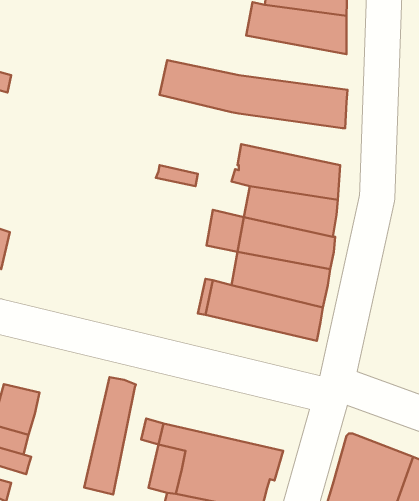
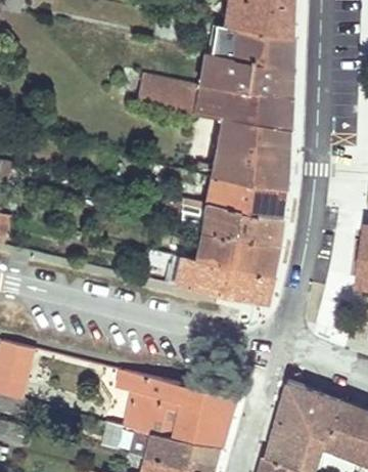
building: none -> [195,51,292,97]
building: none -> [198,117,286,160]
building: [84,377,136,495] -> none

